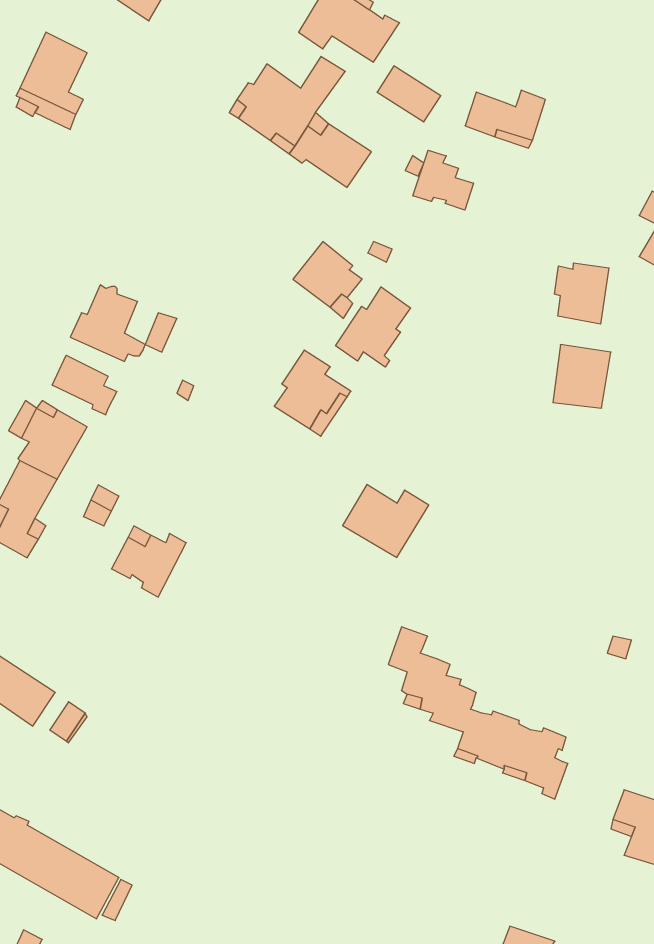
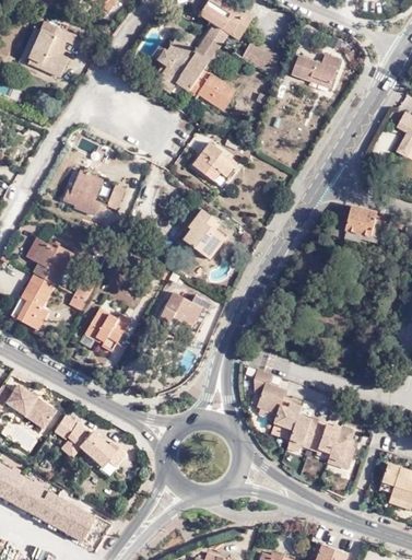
building: [413,150,473,210] -> none
building: [554,263,609,324] -> none
building: [336,287,411,367] -> none
building: [52,355,117,415] -> none
building: [343,484,429,557] -> [160,289,210,331]
building: none -> [74,430,123,466]

